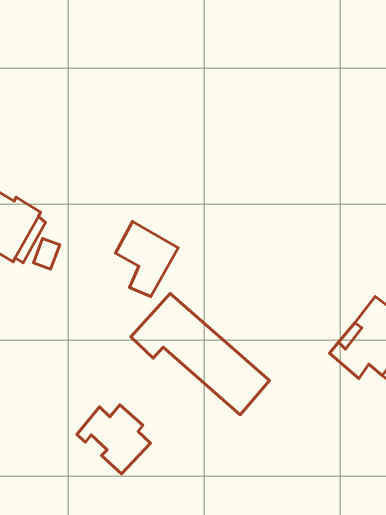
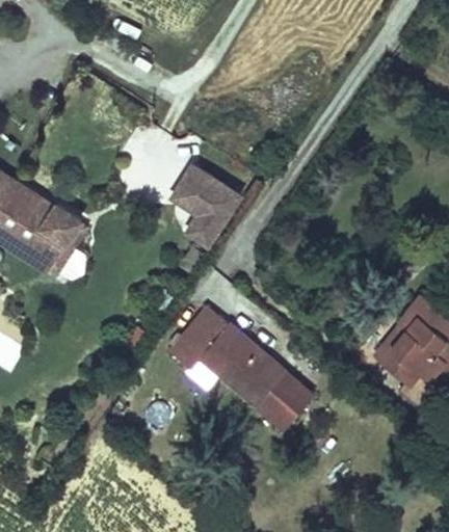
building: [115,222,178,297] -> [175,158,239,235]
building: [77,405,150,474] -> none

